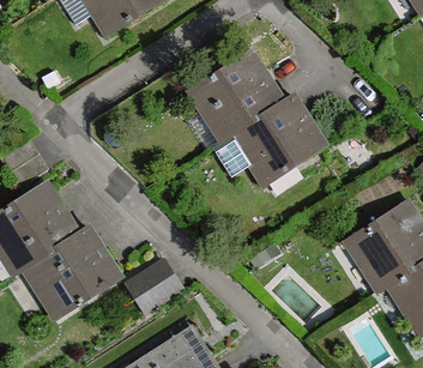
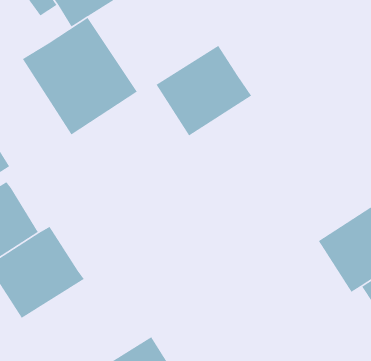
building: none -> [22,17,138,135]
building: [212,95,325,185] -> none
building: [127,260,181,310] -> none

